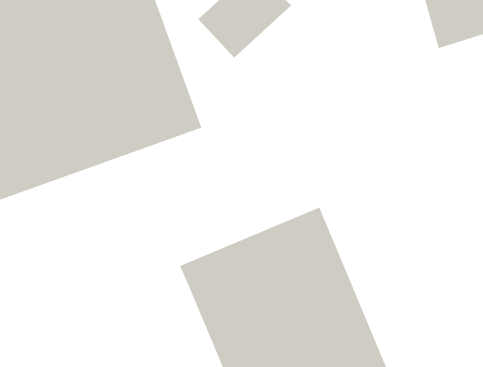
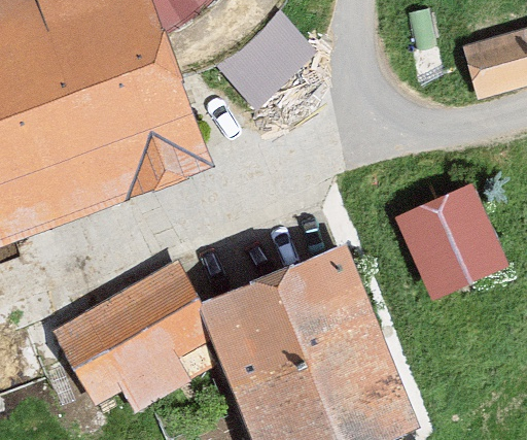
building: none -> [397,185,500,300]
building: none -> [50,265,208,406]

